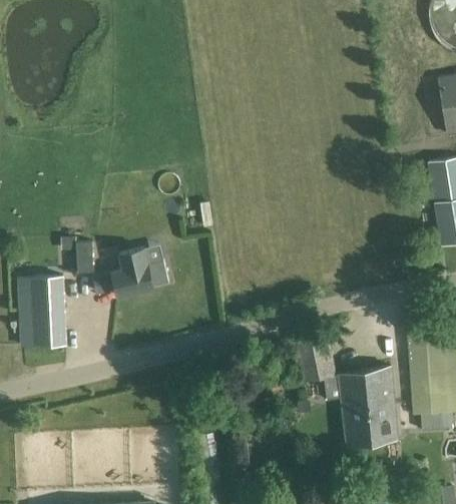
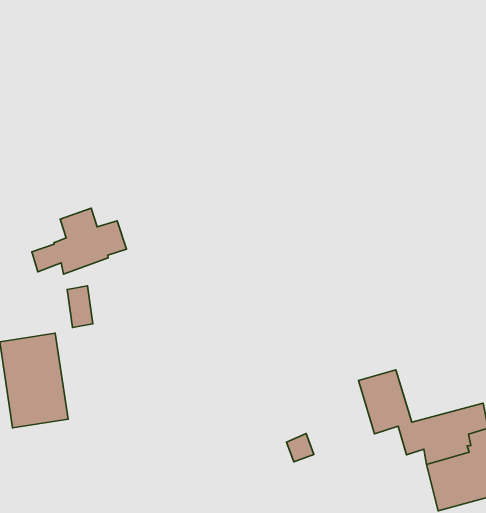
building: [94,248,168,298] -> [32,208,127,274]

